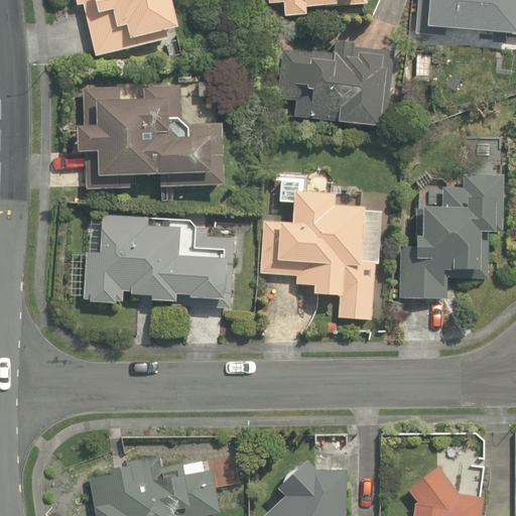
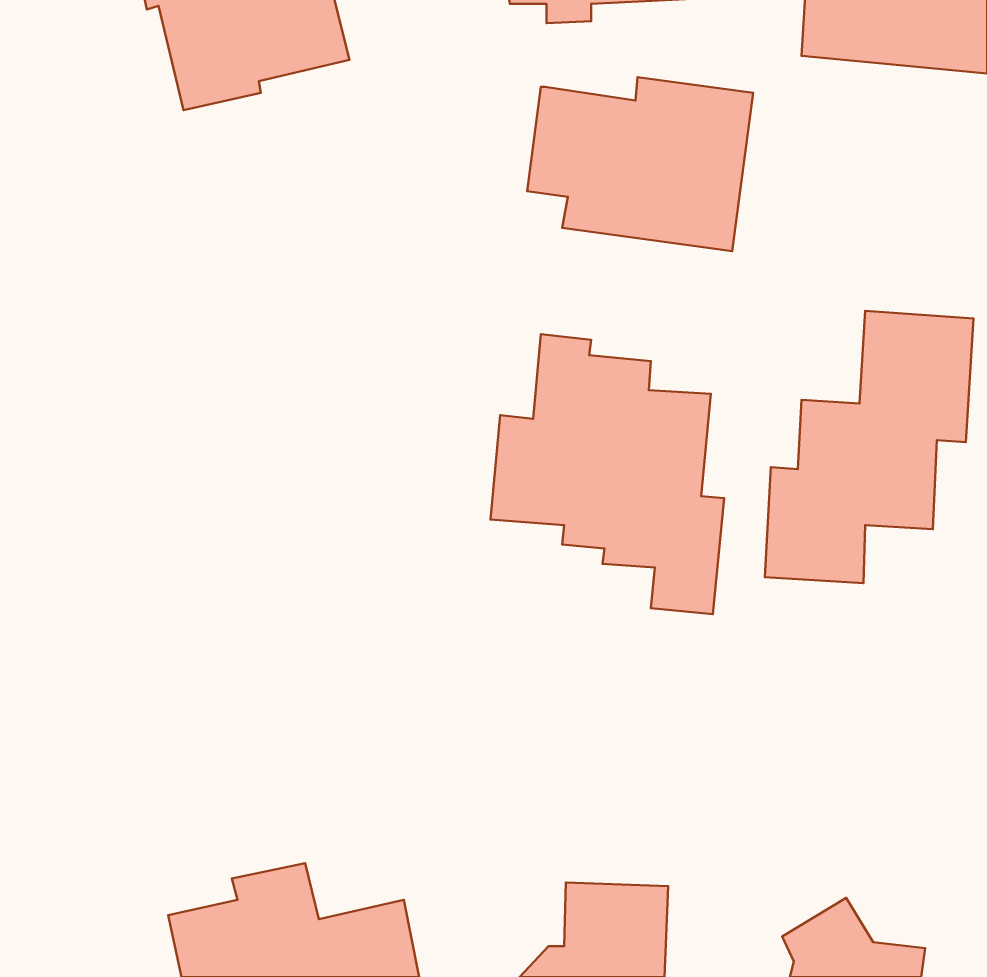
building: [81,81,227,189] -> none
building: [81,212,236,306] -> none

